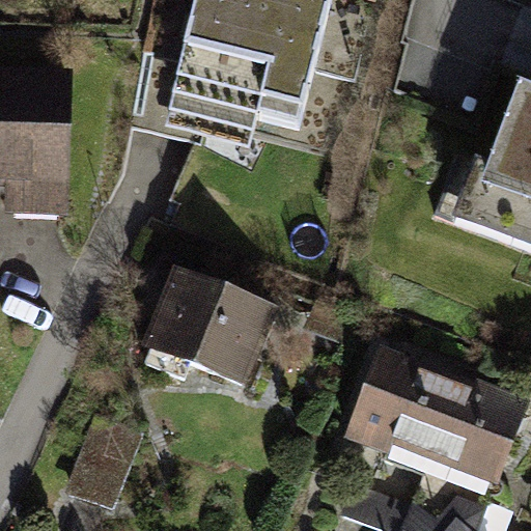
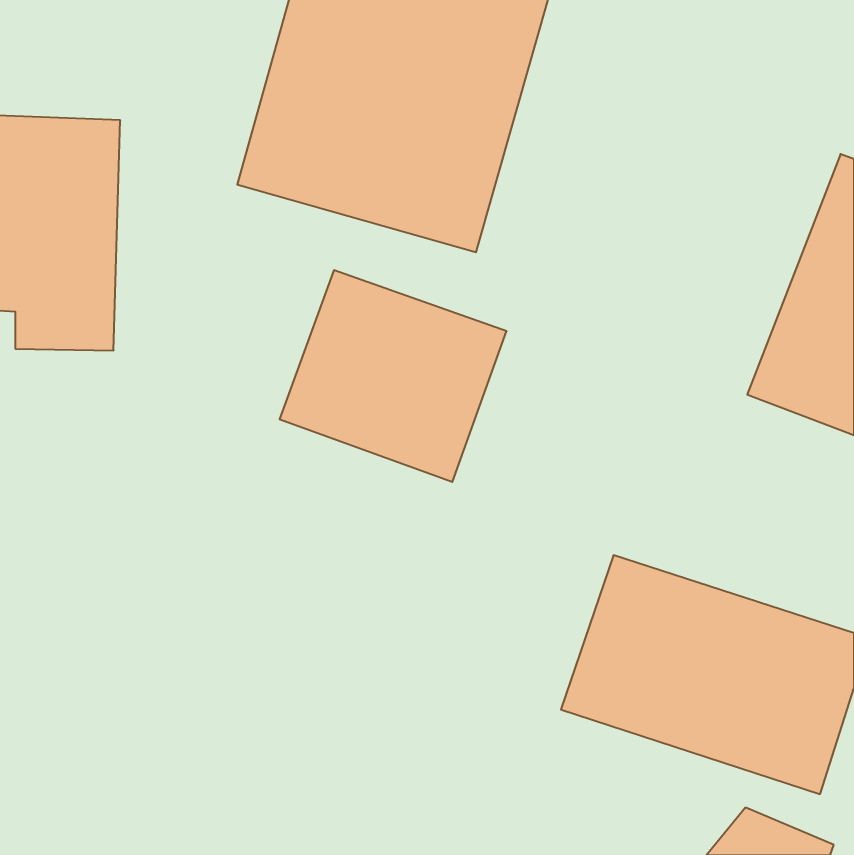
building: [145,269,284,398] -> [280,270,507,482]
building: [60,412,136,508] -> none

